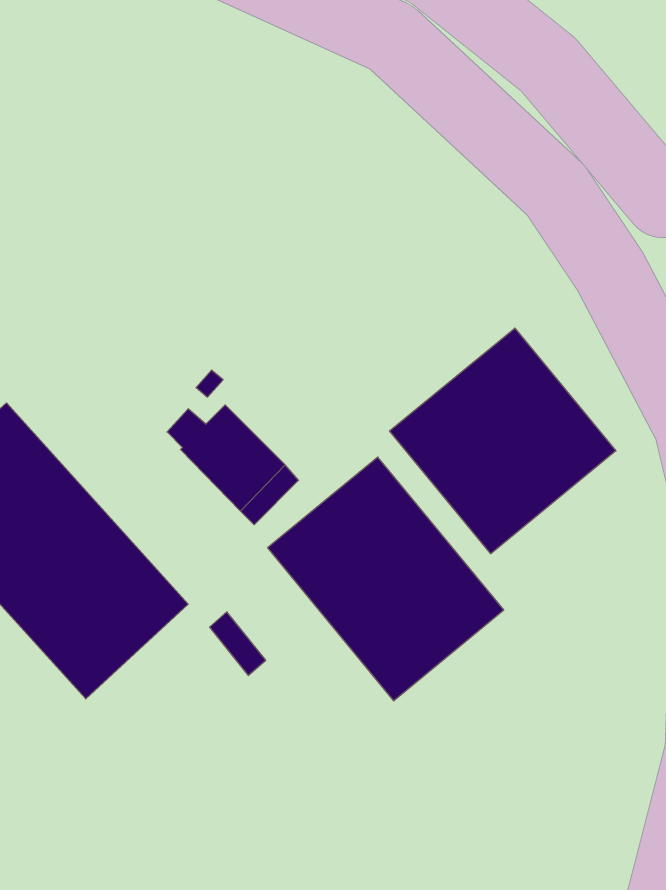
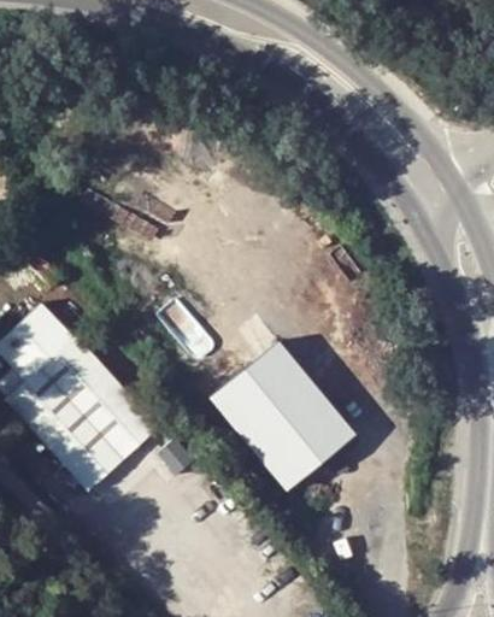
building: [390,328,616,554] -> none

